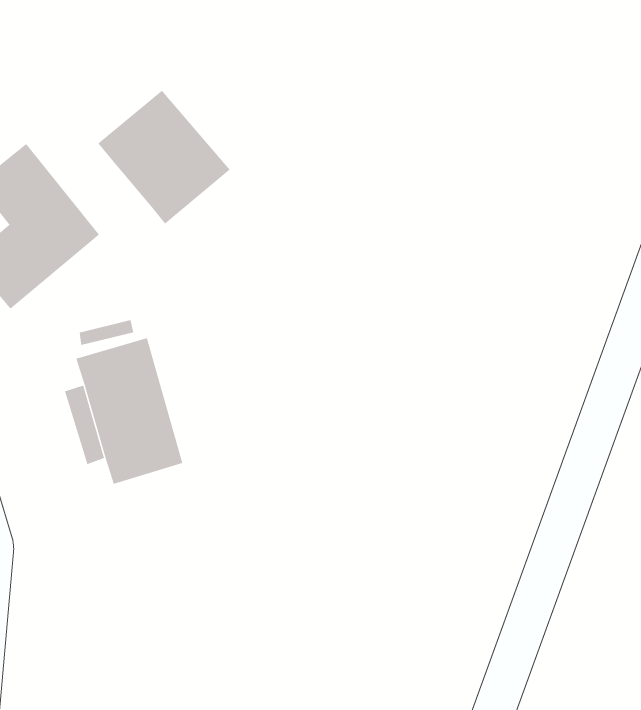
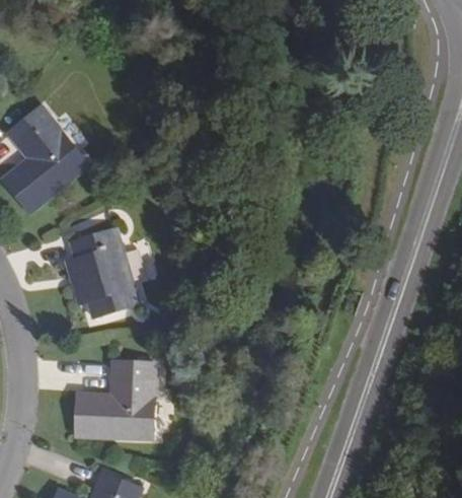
building: [98,90,230,225] -> none
building: none -> [78,363,154,437]

